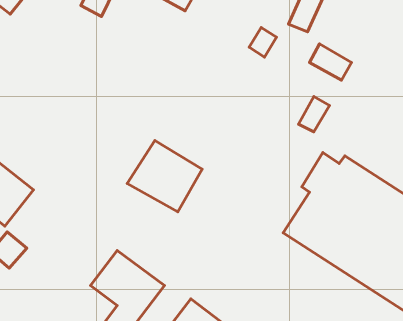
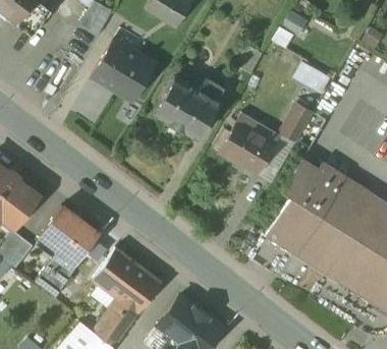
building: none -> [94,41,155,102]
building: none -> [217,124,275,179]
building: [127,141,202,212] -> [151,77,220,143]
building: none -> [36,206,99,267]

